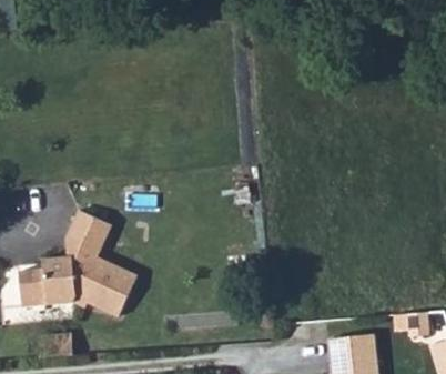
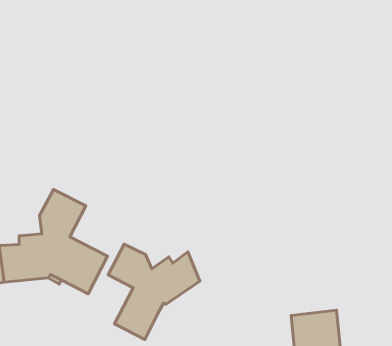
building: none -> [108,244,200,339]

